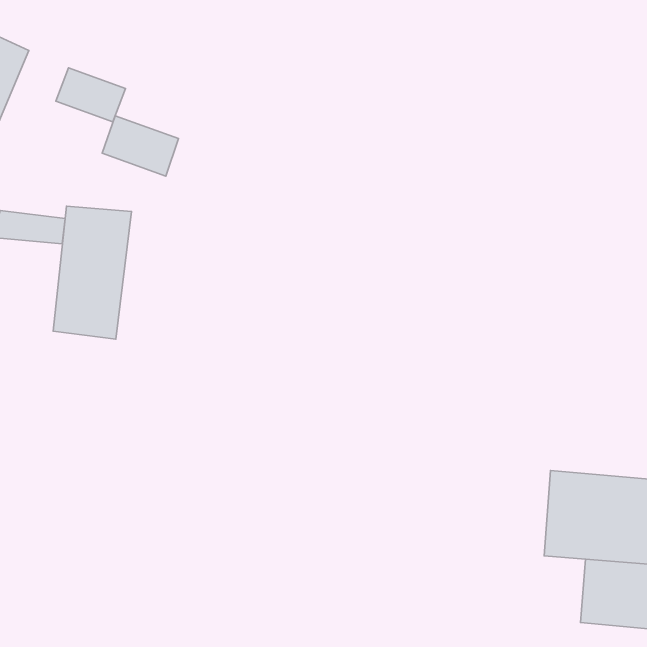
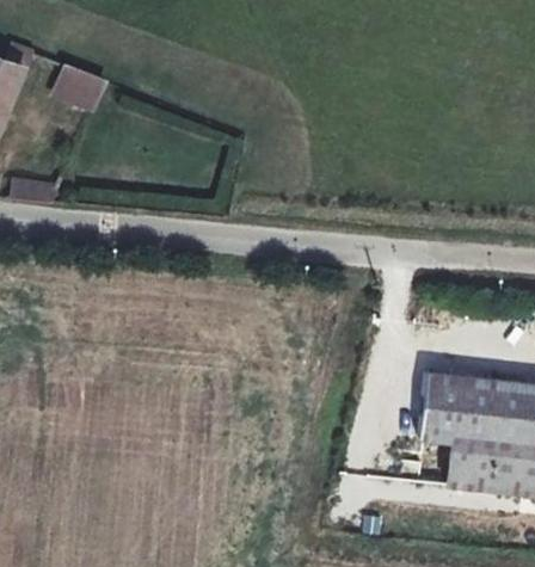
building: [102,116,178,176] -> none
building: [53,206,131,339] -> none

